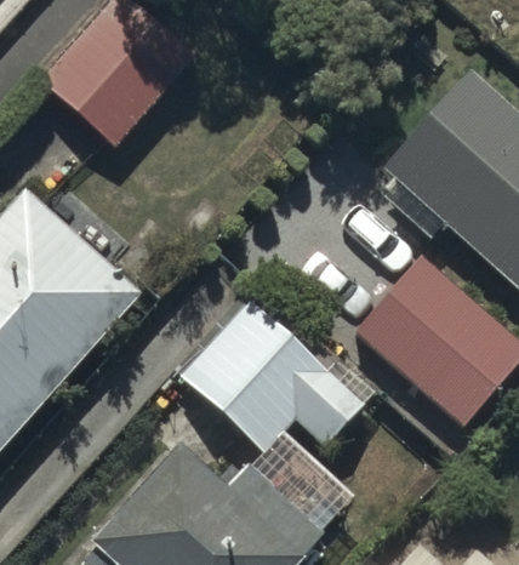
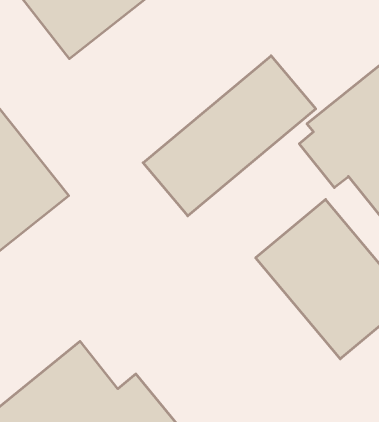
building: none -> [143,56,316,216]
building: [178,295,361,453] -> none

